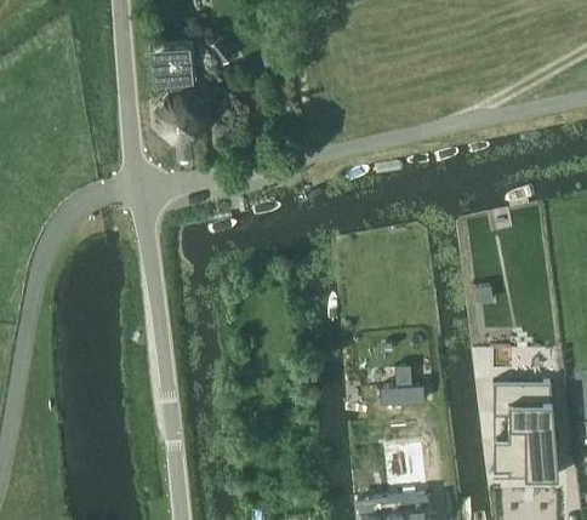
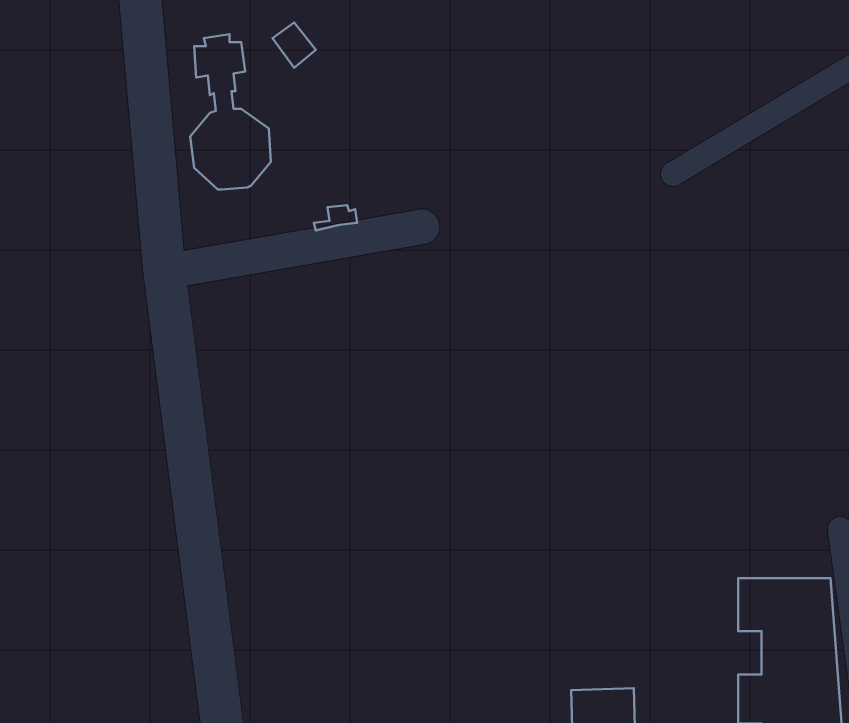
building: [380,368,424,406] -> none

